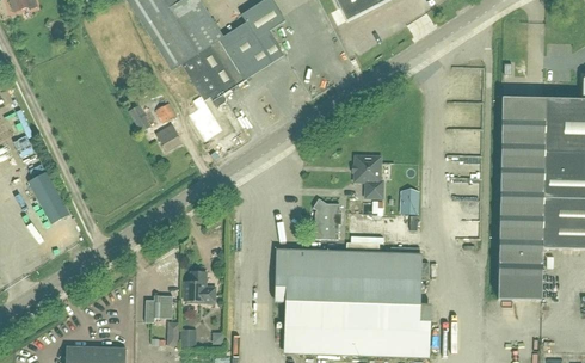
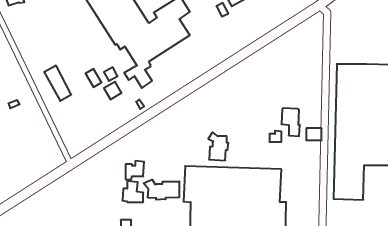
building: [353,158,381,199] -> [281,108,300,136]
building: [27,170,68,222] -> [44,66,71,101]
building: none -> [144,180,179,200]
building: [144,295,172,322] -> [126,161,144,179]

